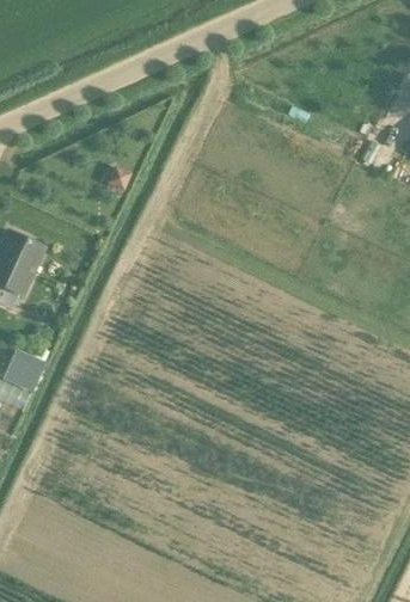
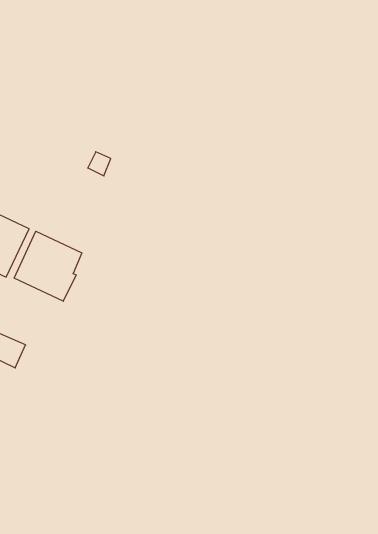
building: none -> [14,231,82,301]

